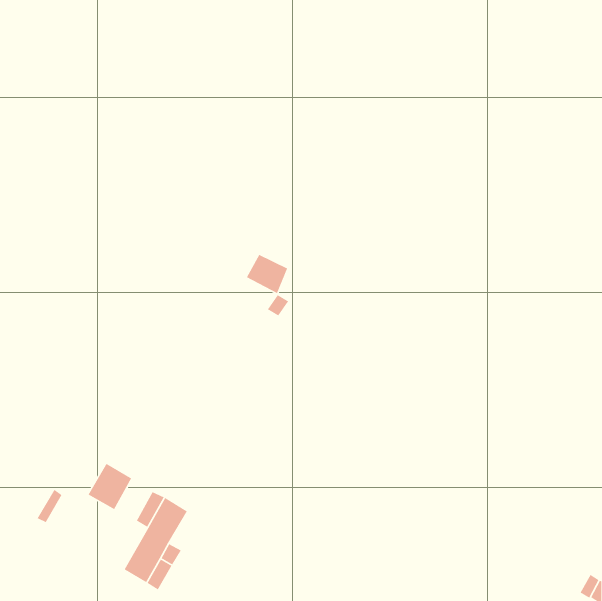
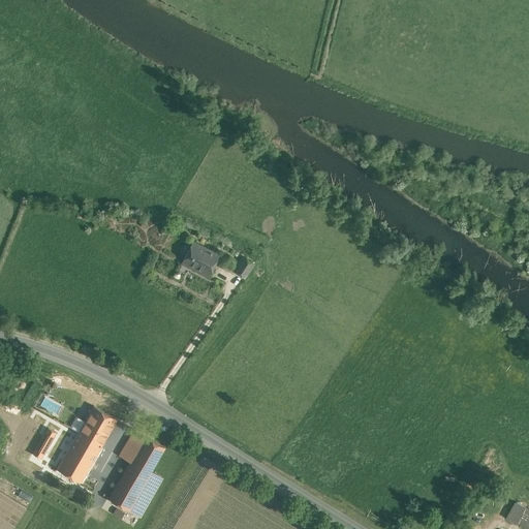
building: [246,254,288,294] -> [181,244,218,279]
building: none -> [57,435,100,484]

